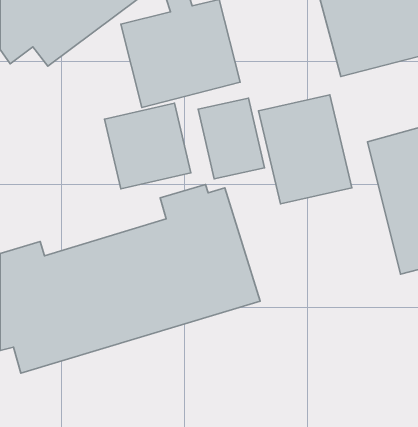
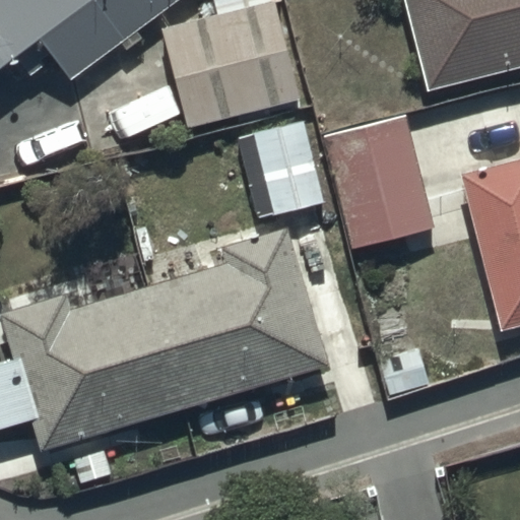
building: [104,103,191,189] -> none

